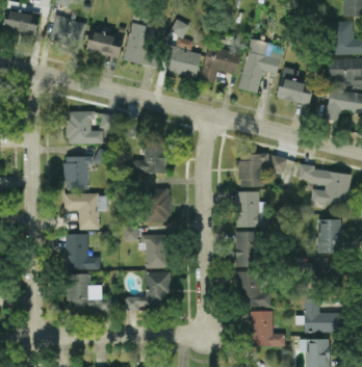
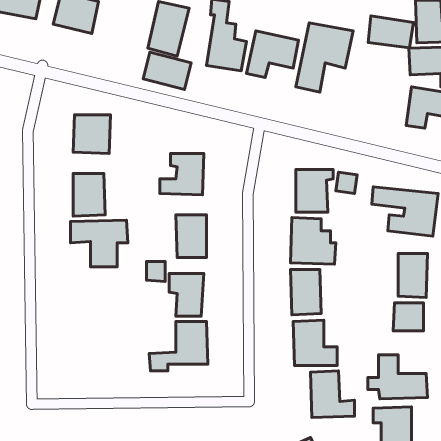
building: [85,29,123,58] -> [143,52,191,90]
building: [277,78,312,103] -> [368,16,414,48]
building: [64,233,100,269] -> none
building: [66,273,112,308] -> none

